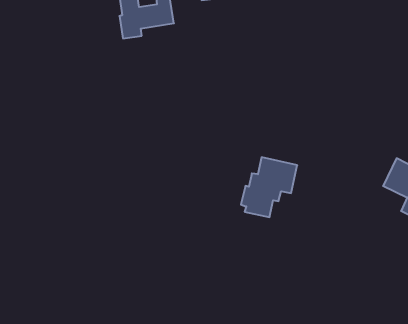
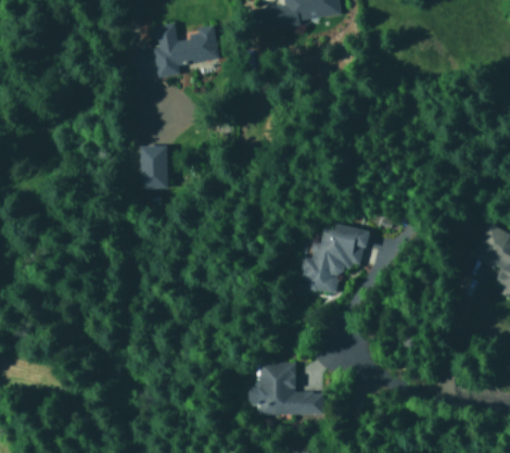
building: none -> [141,146,168,189]
building: none -> [251,363,323,416]

